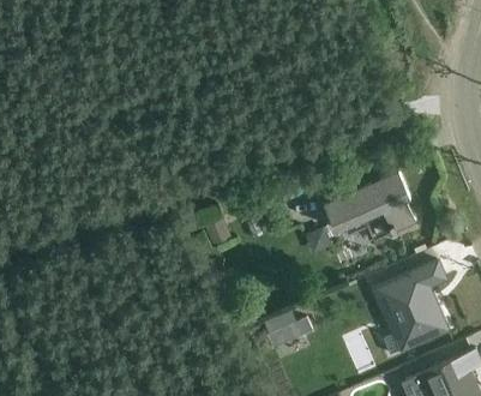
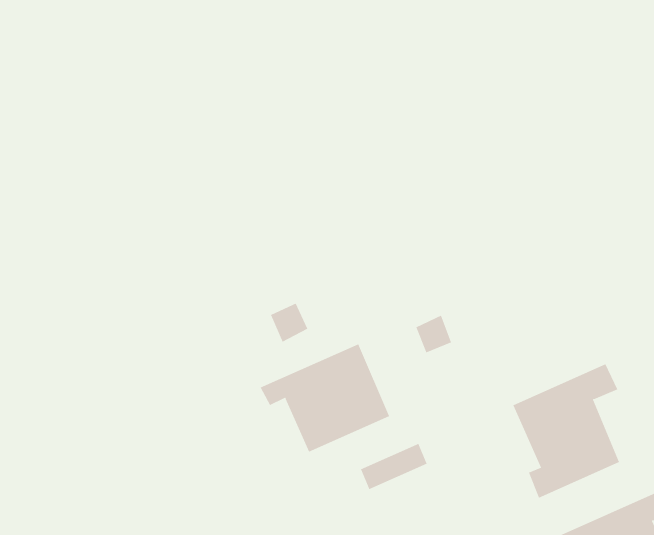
building: [326,170,416,239] -> none
building: none -> [260,344,390,453]

